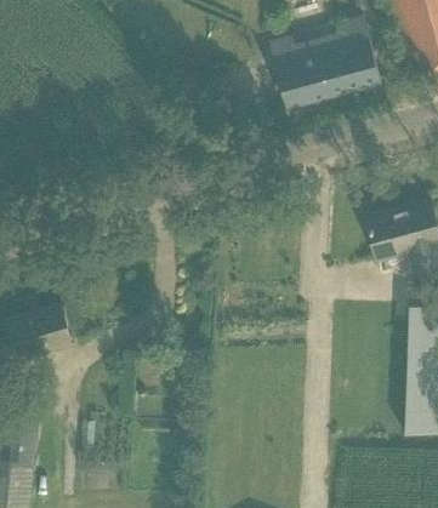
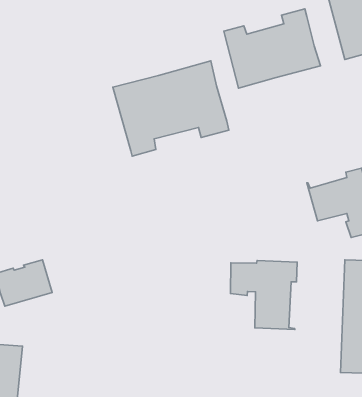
building: none -> [113,61,229,156]
building: none -> [230,261,297,330]

